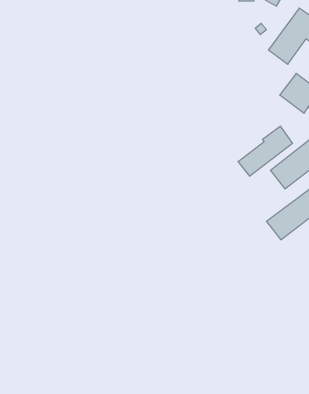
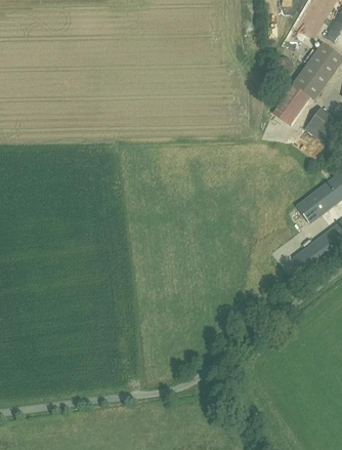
building: none -> [269,83,310,127]
building: [238,126,292,176] -> none

